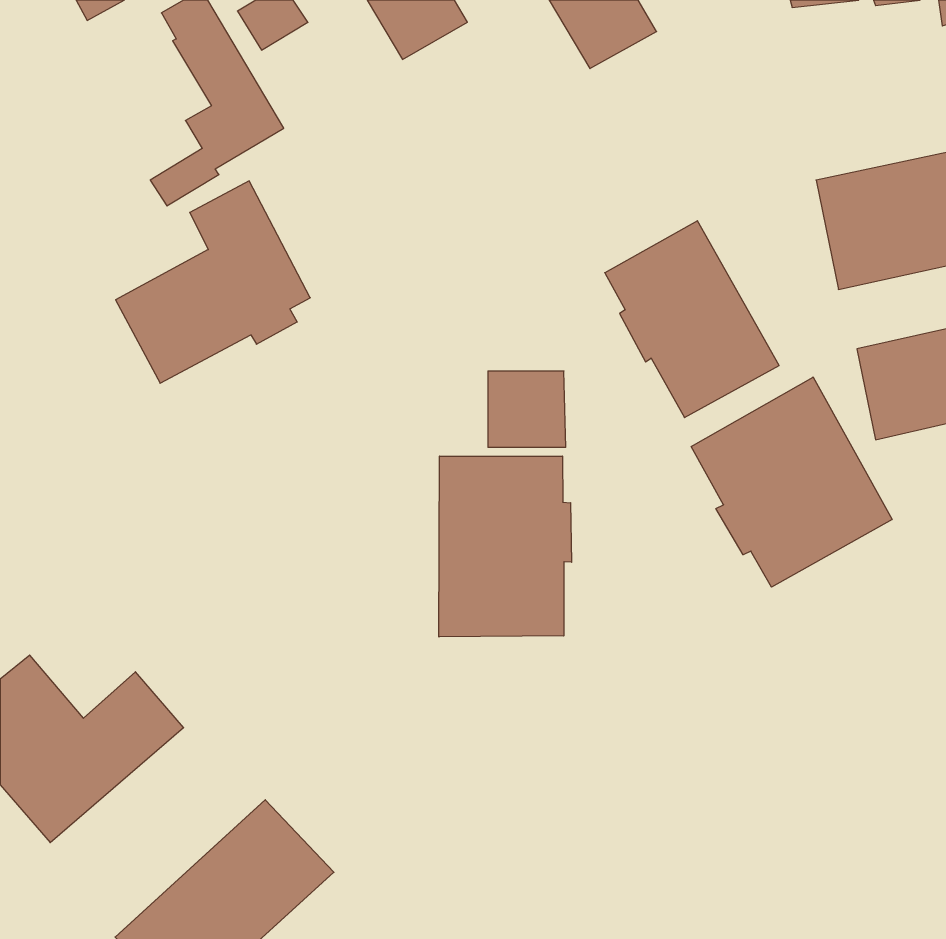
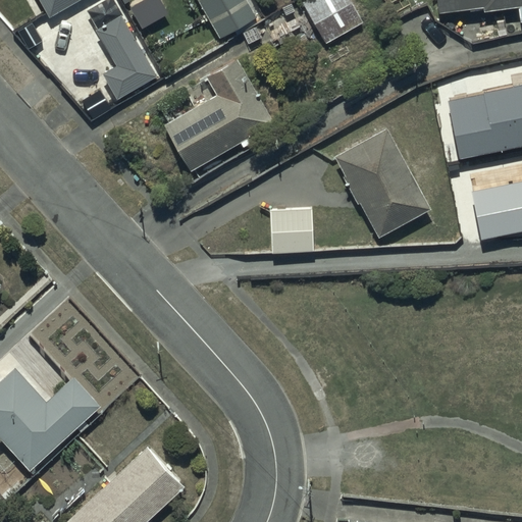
building: [116,181,310,383] -> [166,57,273,168]
building: [691,377,892,587] -> none
building: [439,456,572,637] -> none

